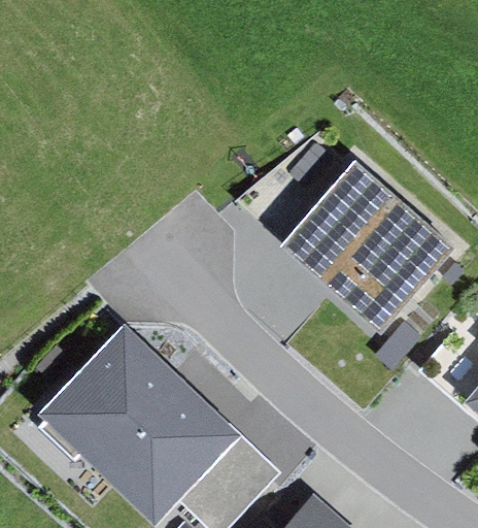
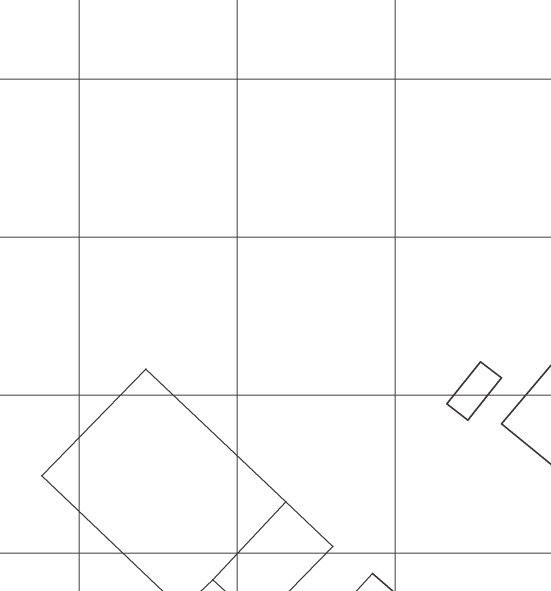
building: [279,159,457,336] -> none

